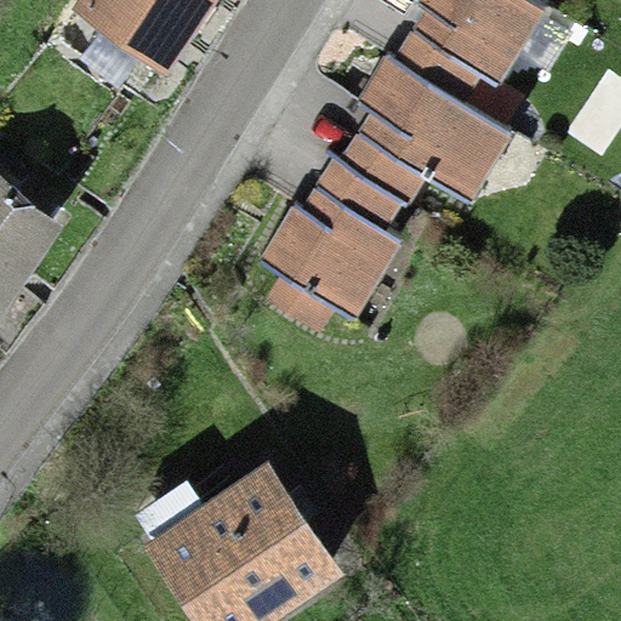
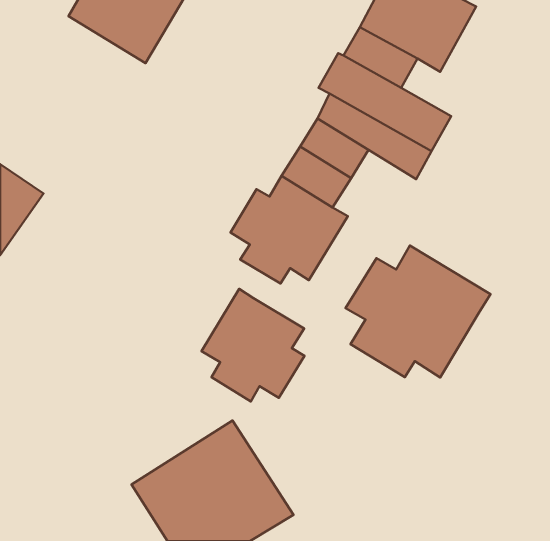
building: none -> [346,246,491,377]
building: none -> [201,289,304,402]

